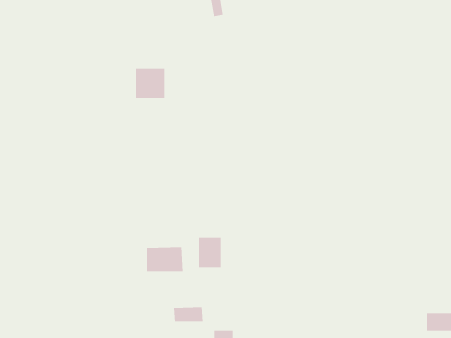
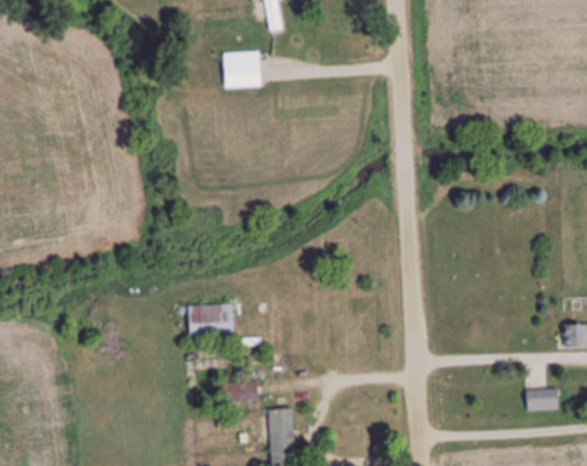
building: [135,68,165,98] -> [225,51,261,87]
building: [199,237,221,268] -> none

